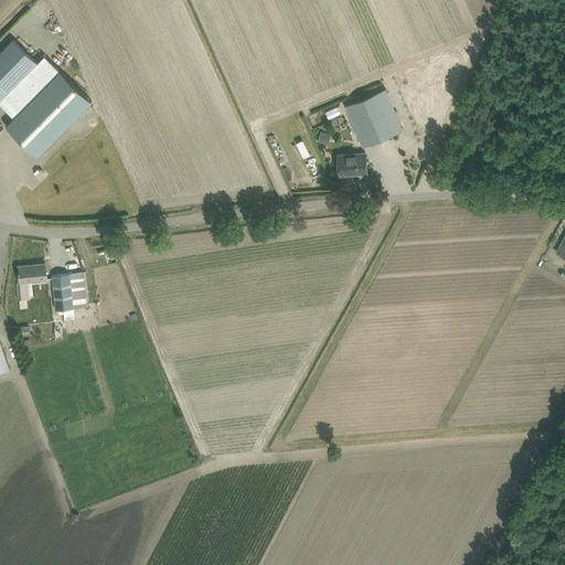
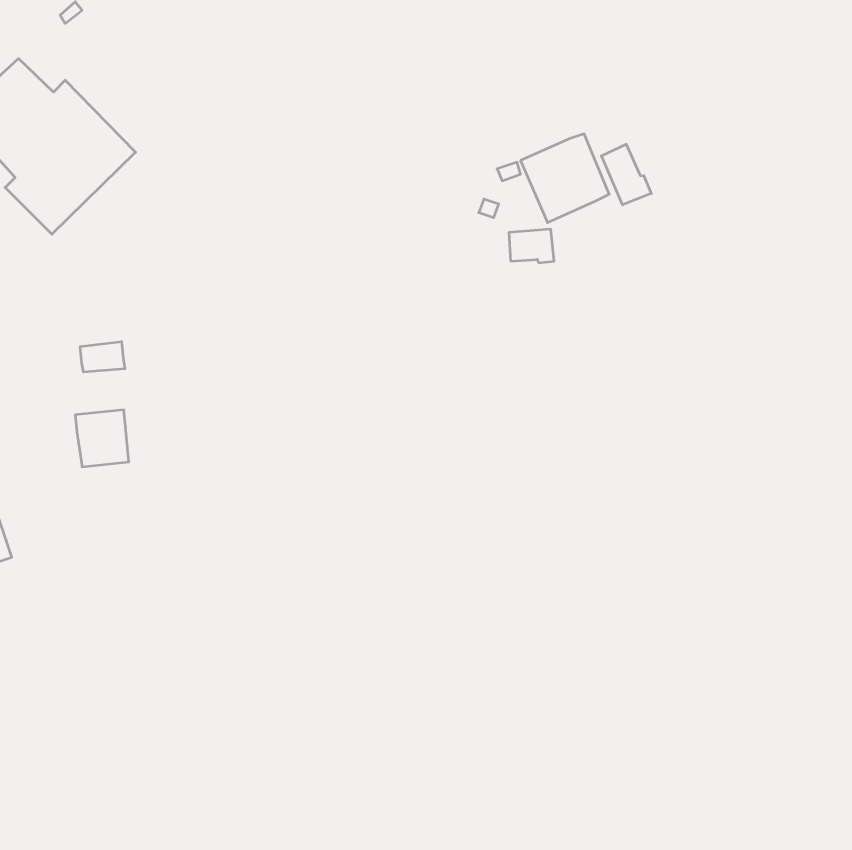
building: none -> [601,144,651,205]
building: [15,265,45,285] -> [80,342,125,372]

